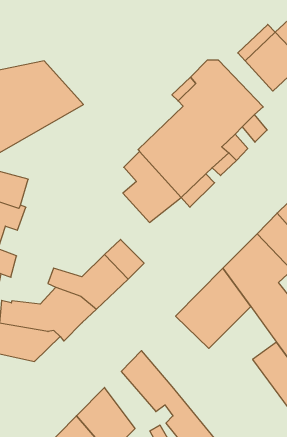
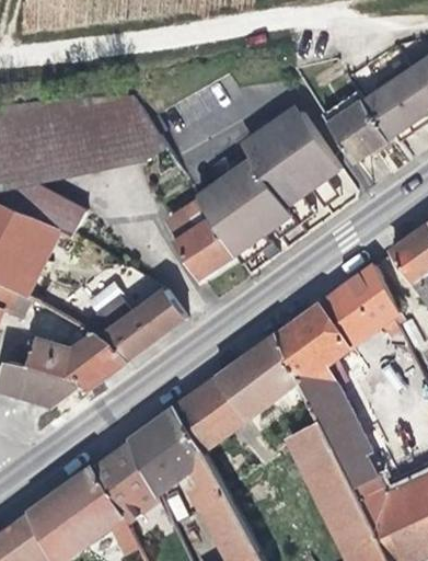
building: none -> [171,380,243,455]
building: none -> [125,430,175,496]

